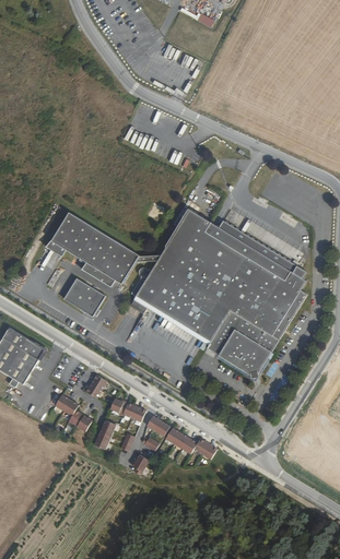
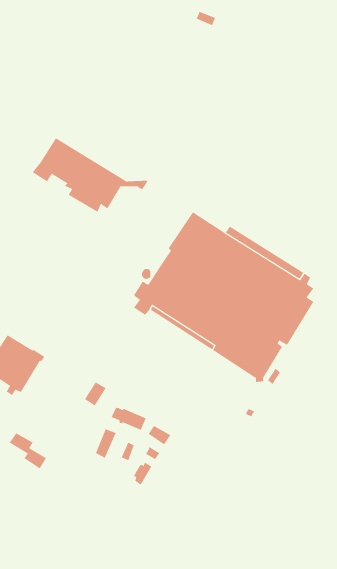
building: [48,212,163,285] -> [32,138,149,213]
building: [66,276,107,313] -> none
building: [52,395,90,431] -> [9,432,47,469]
building: [164,428,215,460] -> none

